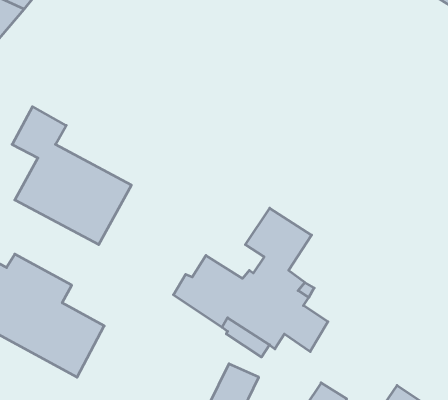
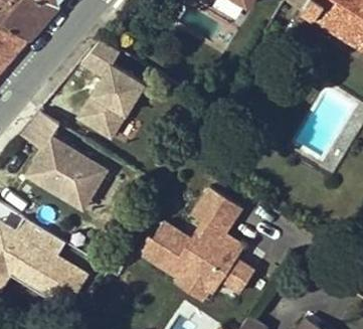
building: none -> [73,39,146,142]

